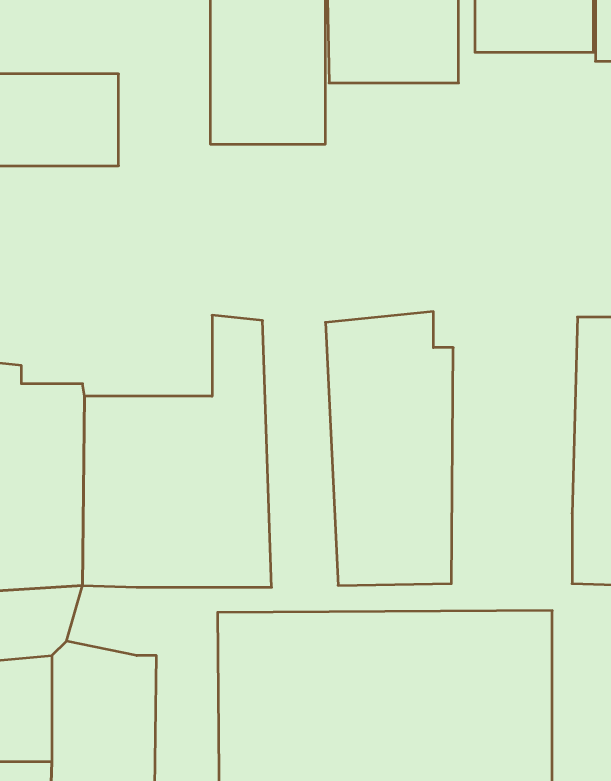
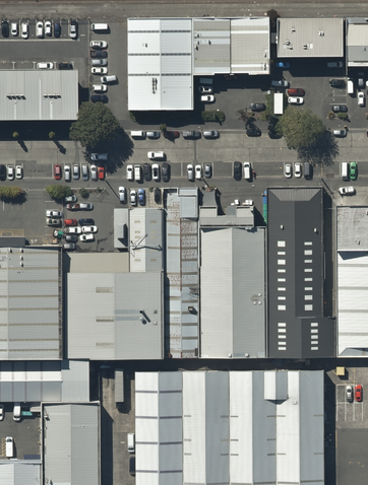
building: none -> [160,192,202,359]
building: none -> [266,195,334,357]
building: none -> [49,358,88,398]

